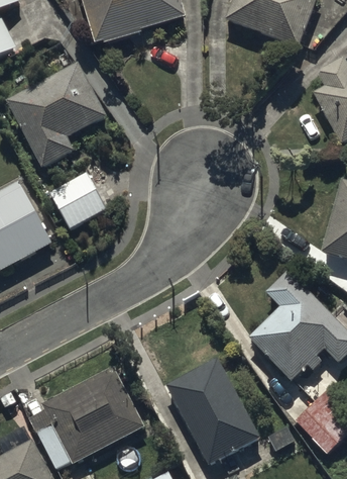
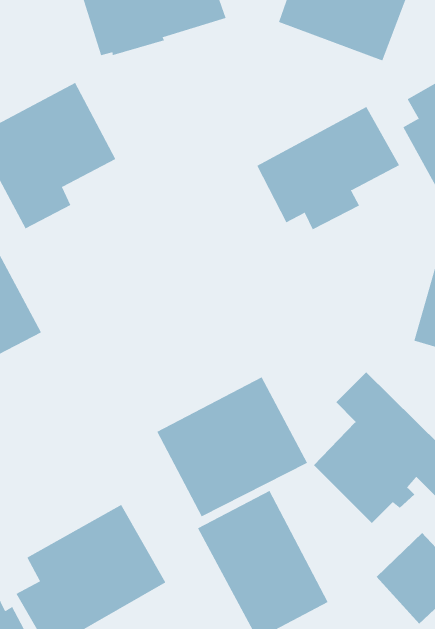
building: none -> [256,106,400,230]
building: [49,173,106,230] -> none
building: none -> [157,376,308,517]

